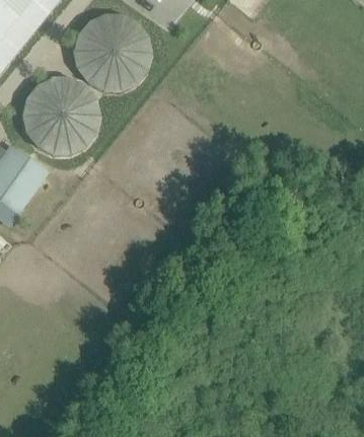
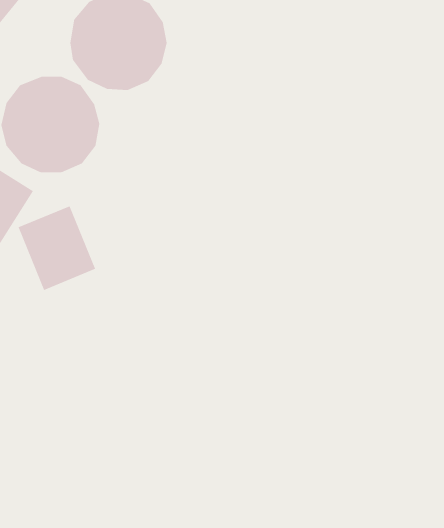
building: none -> [18,205,96,291]

